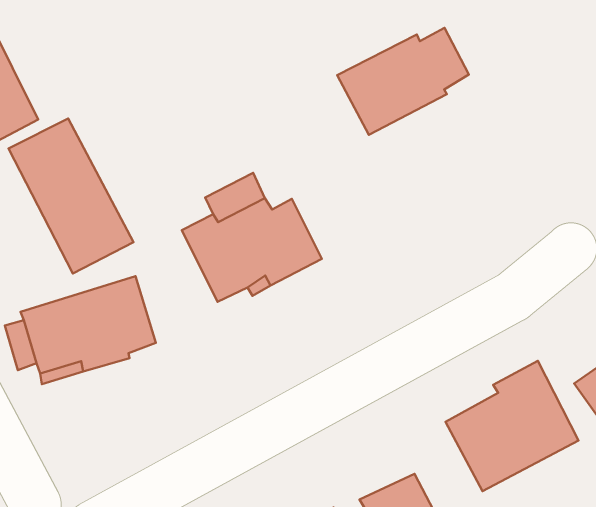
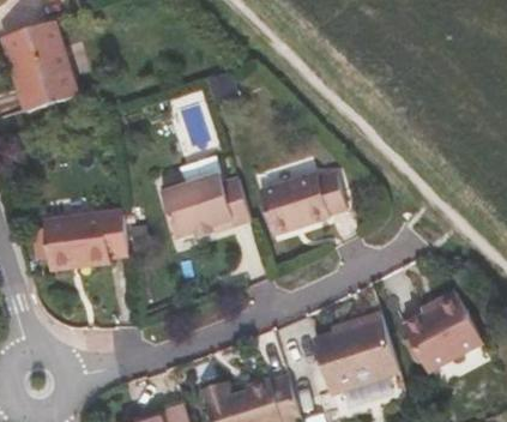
building: [337,28,469,135] -> [259,169,346,231]
building: [9,119,133,274] -> none

